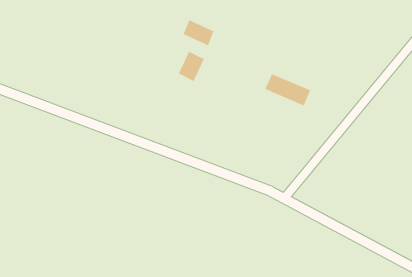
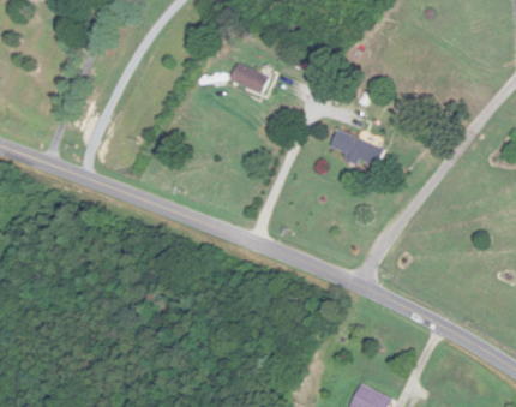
building: [178,51,205,82] -> none

